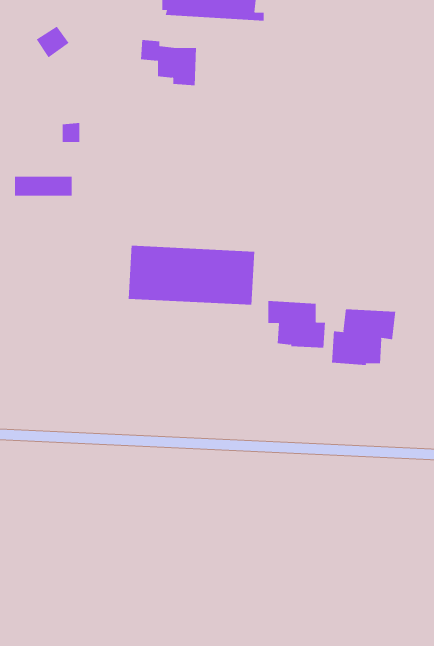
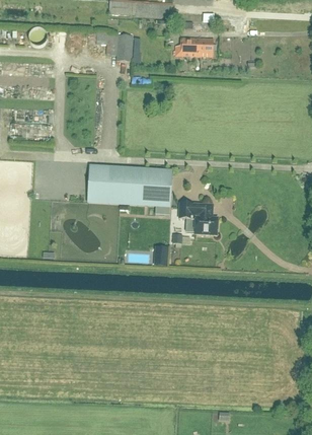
building: none -> [180,38,213,57]
building: [332,308,396,366] -> none

